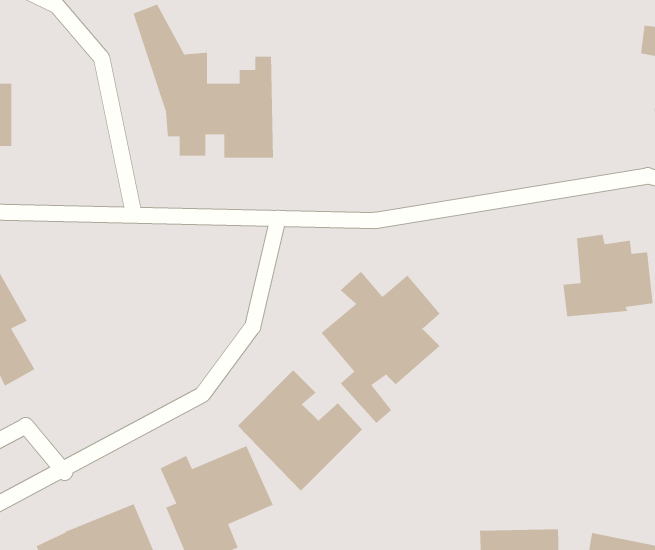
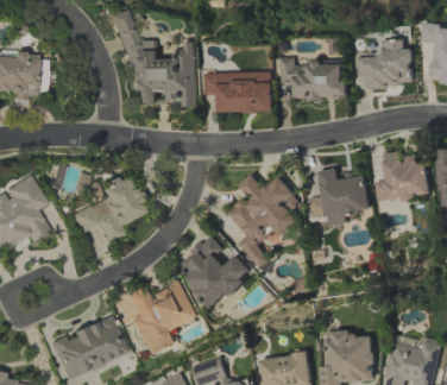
building: none -> [358,39,415,86]
building: none -> [281,57,348,100]
building: none -> [204,71,275,112]
building: none -> [309,168,370,226]
building: none -> [71,176,146,244]

